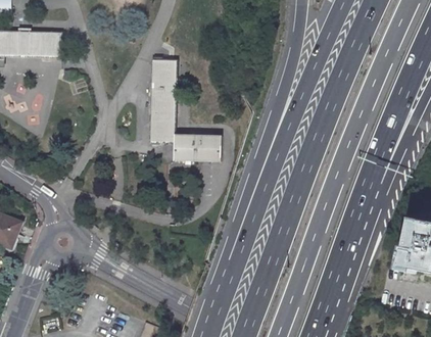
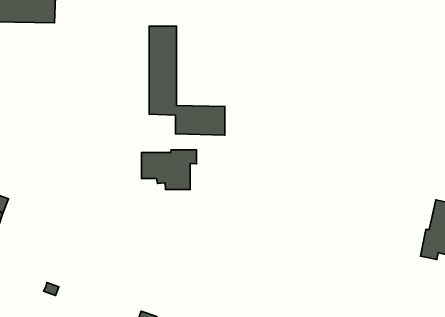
building: none -> [142,150,197,190]

